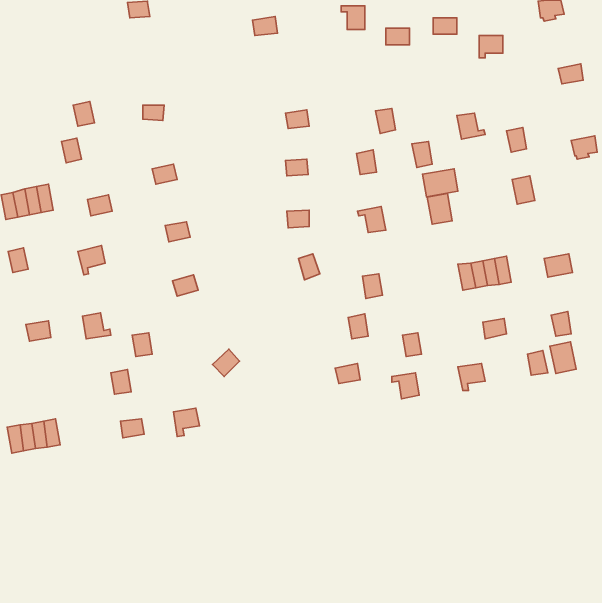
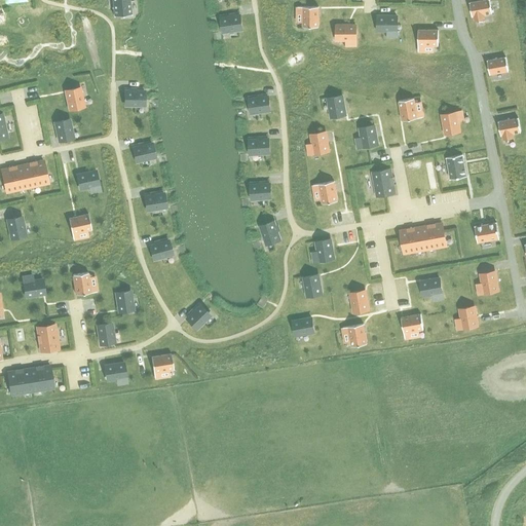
building: [423,169,458,197] -> none
building: [550,342,576,373] -> none
building: none -> [36,325,58,351]

